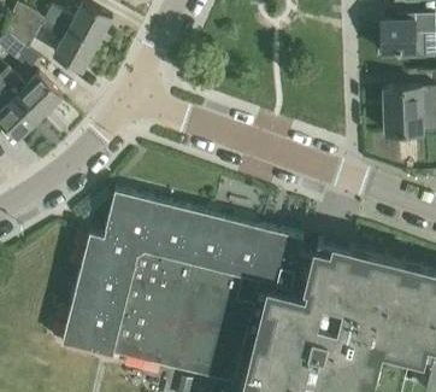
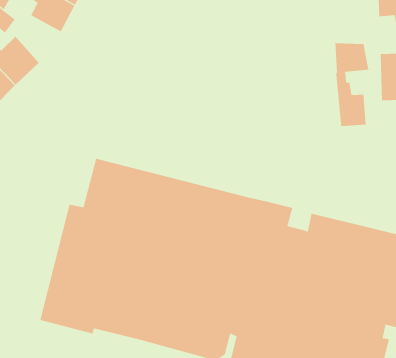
building: none -> [335,42,369,127]

